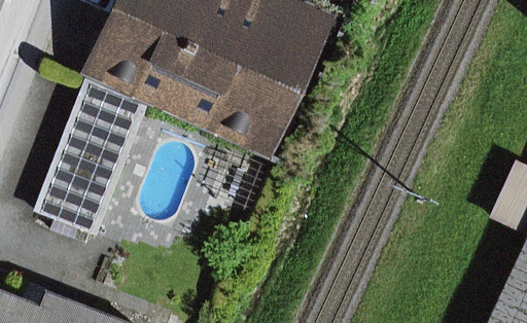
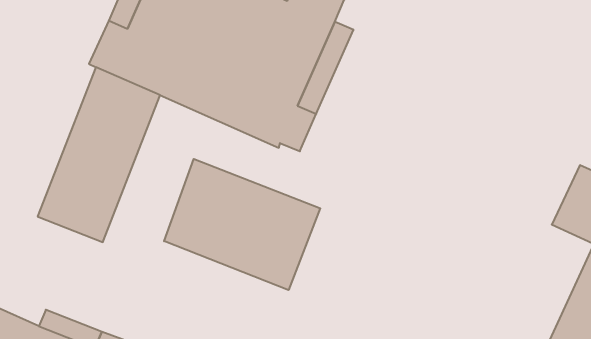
building: none -> [164,159,320,290]

